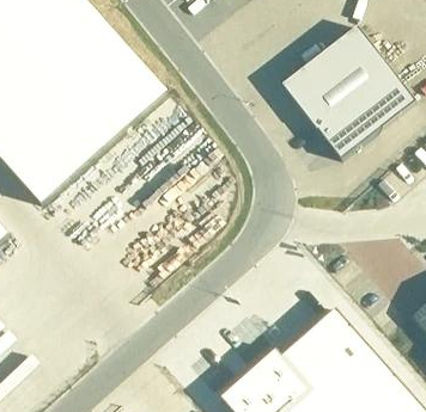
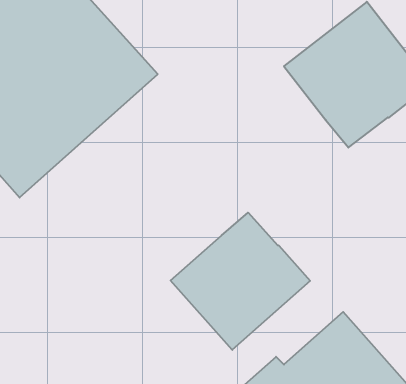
building: none -> [171,213,310,350]

